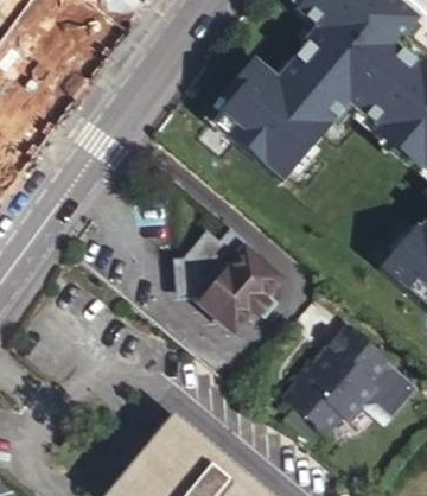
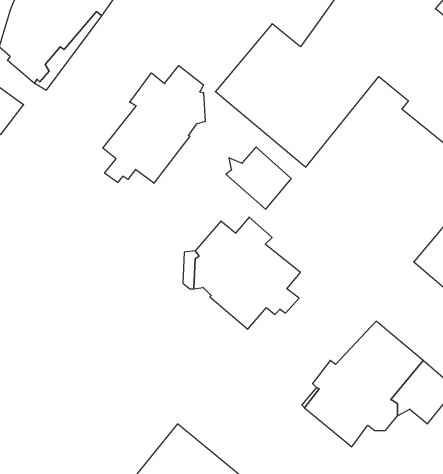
building: none -> [103,66,205,183]
building: none -> [226,147,291,209]

